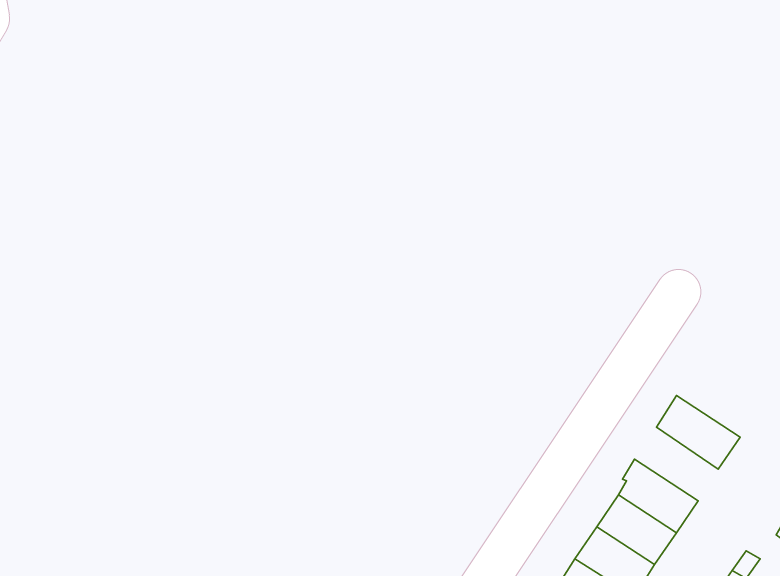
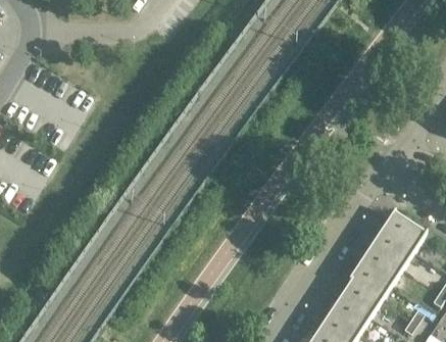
building: none -> [381,211,425,250]
building: none -> [359,245,402,283]

